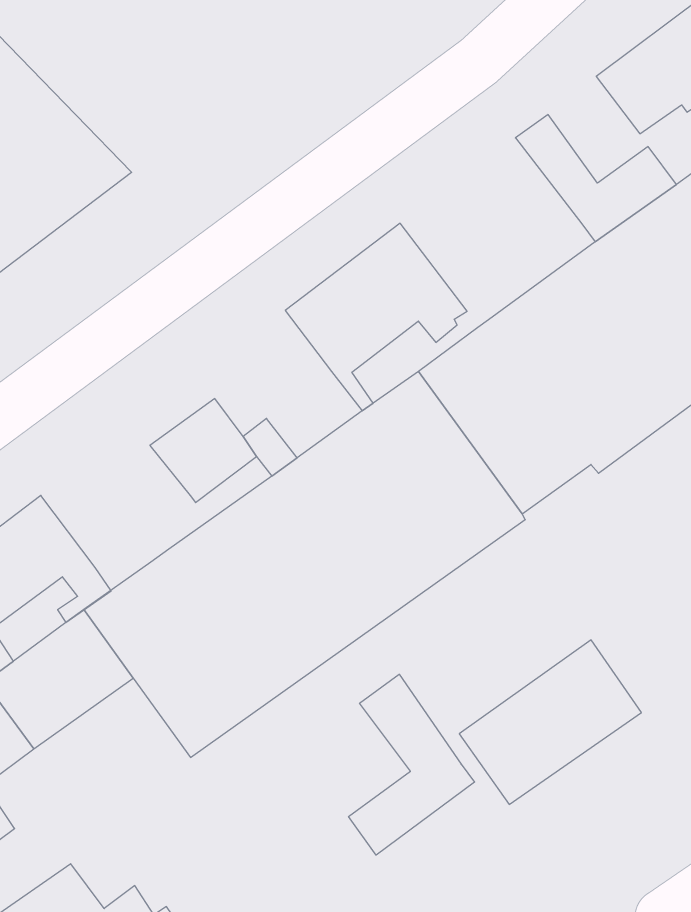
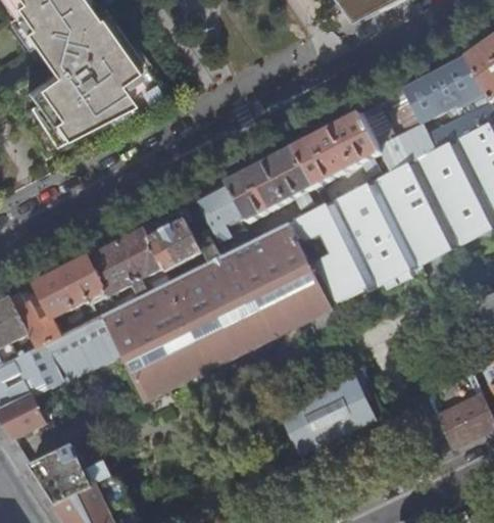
building: none -> [293,112,385,205]
building: none -> [196,181,246,240]
building: none -> [89,227,164,297]
building: [349,674,475,855] -> none

